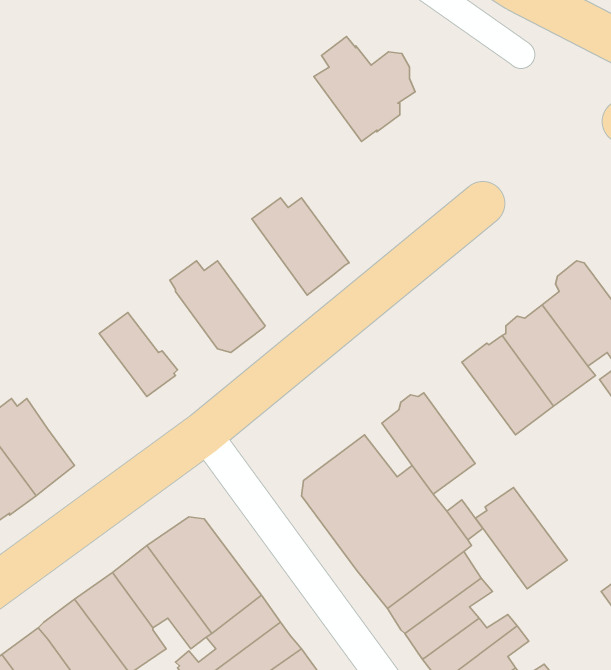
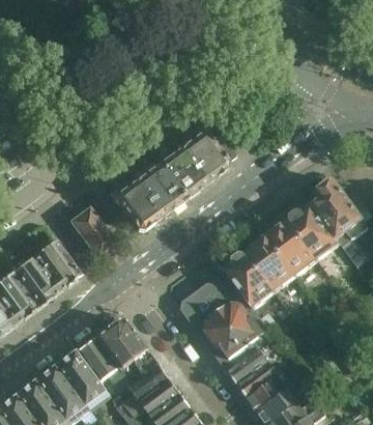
building: [314,36,415,142] -> [179,126,234,183]
building: none -> [134,160,182,218]
building: none -> [30,238,78,293]
building: [475,488,567,589] -> [246,237,295,292]

